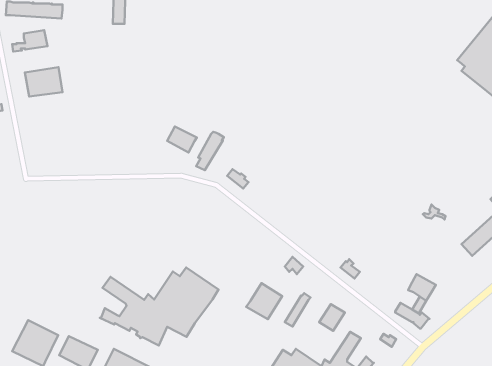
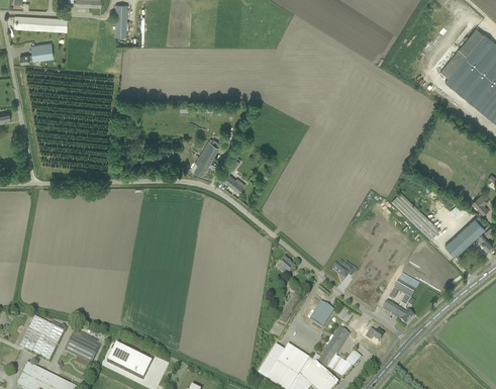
building: [25,67,63,97] -> none
building: [167,126,197,152] -> none
building: [100,267,218,346] -> none
building: [246,283,282,319] -> none

